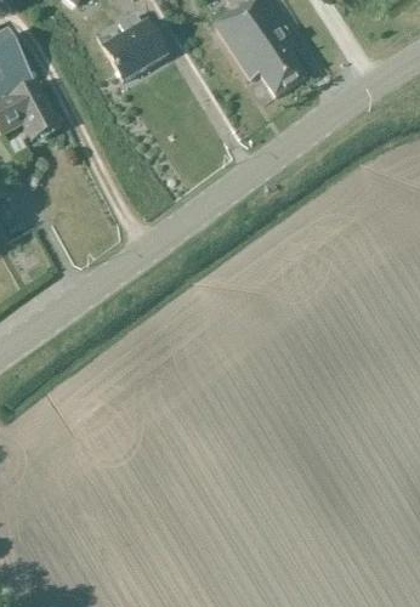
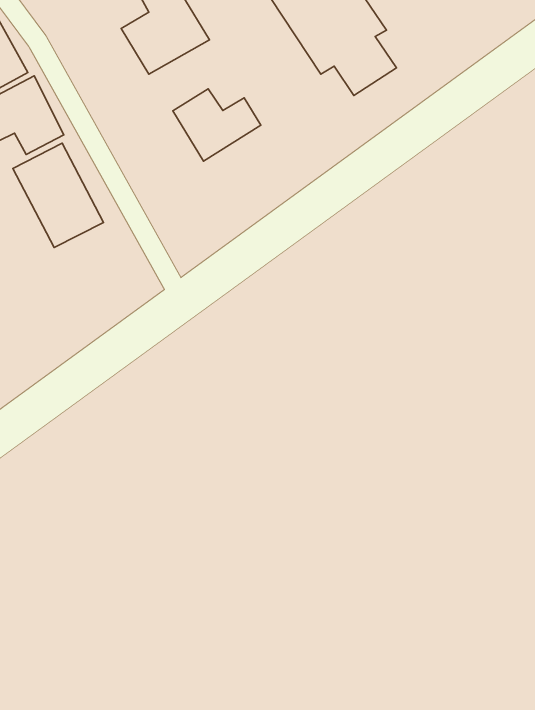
building: none -> [173,89,261,161]
building: none -> [13,143,104,248]

